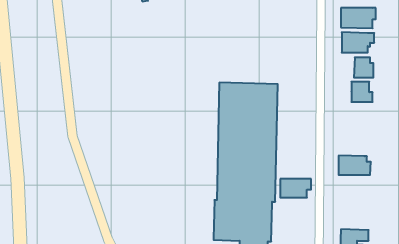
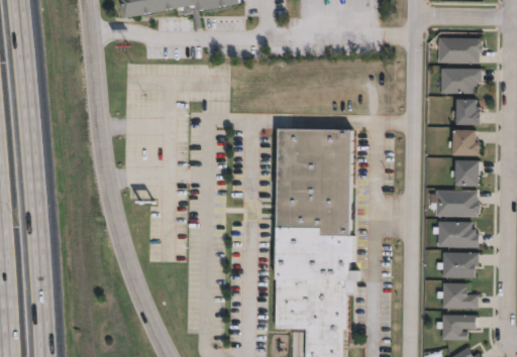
building: none -> [453,159,477,184]
building: none -> [433,190,477,215]
building: [280,179,311,198] -> [439,252,478,275]
building: none -> [439,281,475,307]

